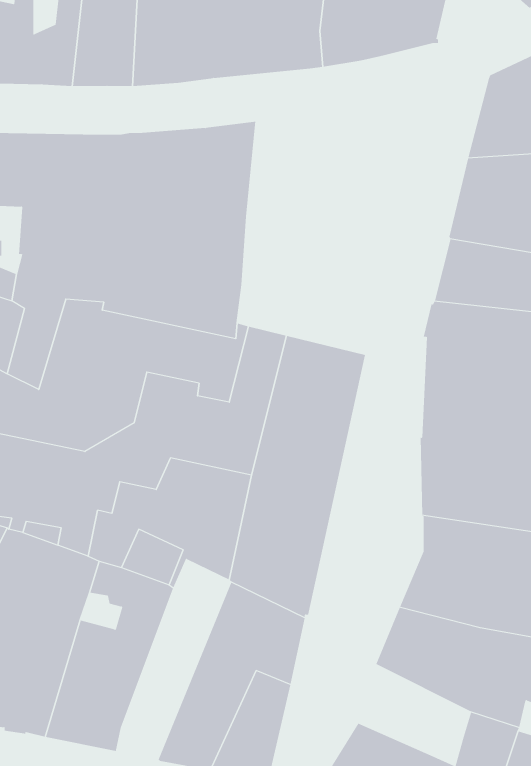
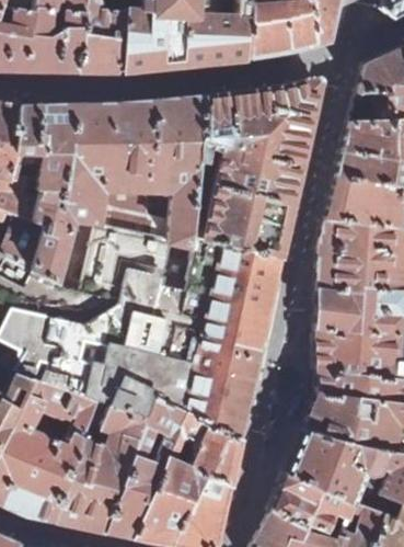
building: none -> [193,79,322,259]
building: none -> [109,400,188,538]
building: none -> [273,472,354,537]

